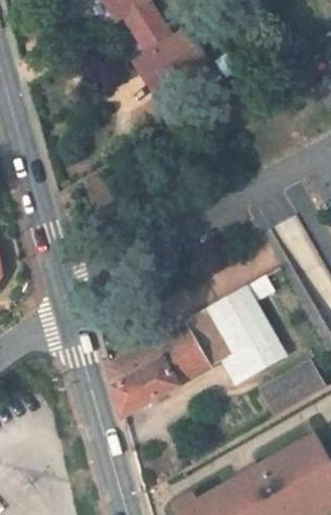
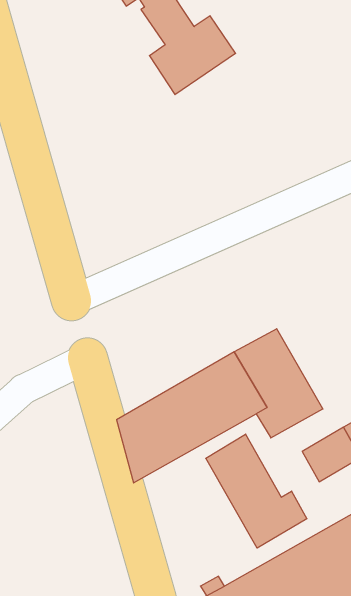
building: none -> [206,434,307,548]

